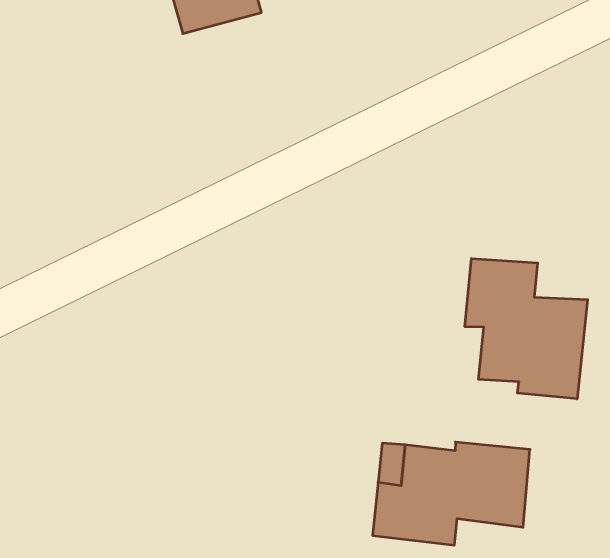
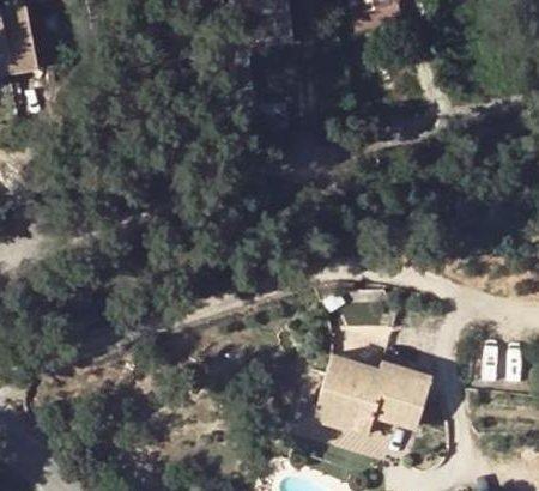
building: [465,259,588,399] -> none

